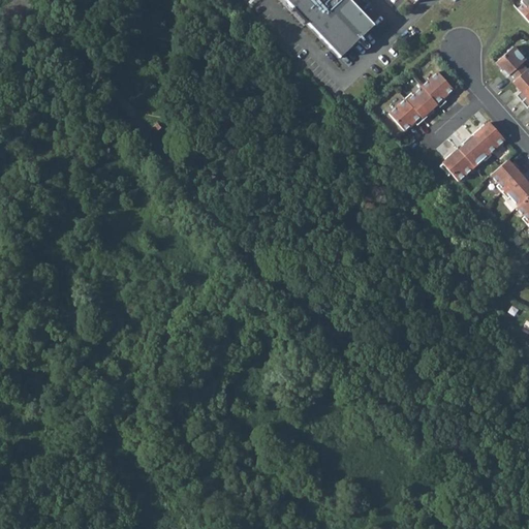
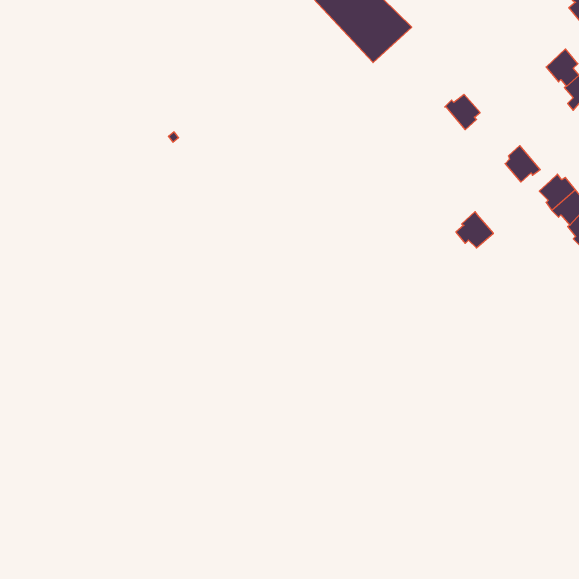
building: [423,70,455,105] -> none
building: [391,97,425,129] -> none
building: [474,121,506,152] -> none
building: [441,146,475,179] -> [456,212,493,248]

